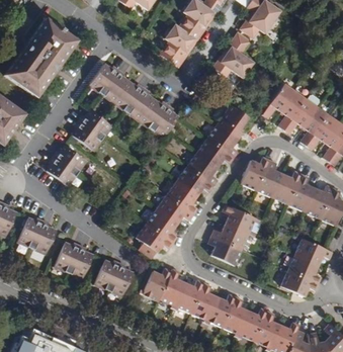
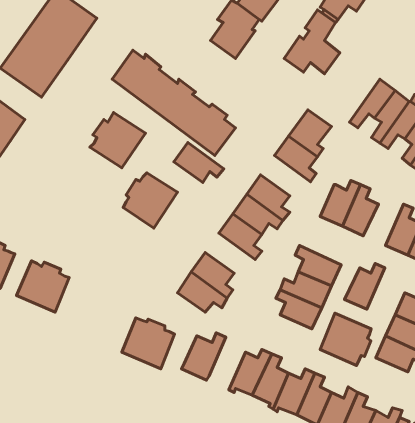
building: [196,138,233,167] -> [174,142,224,183]
building: [48,143,87,183] -> [123,173,177,228]
building: [271,170,301,203] -> [345,264,385,309]
building: [156,194,192,224] -> none
building: [55,239,94,275] -> none
building: none -> [320,313,371,365]
building: [159,268,185,309] -> none

